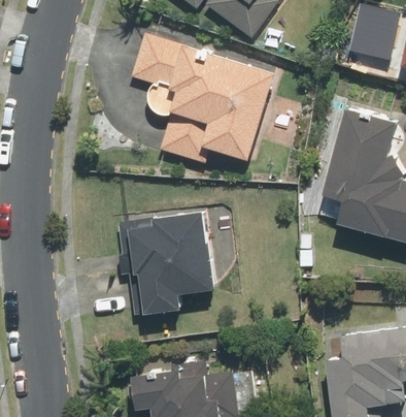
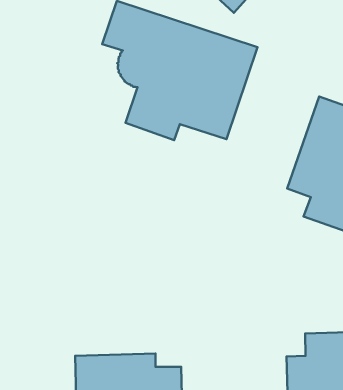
building: [111,211,216,317] -> none

